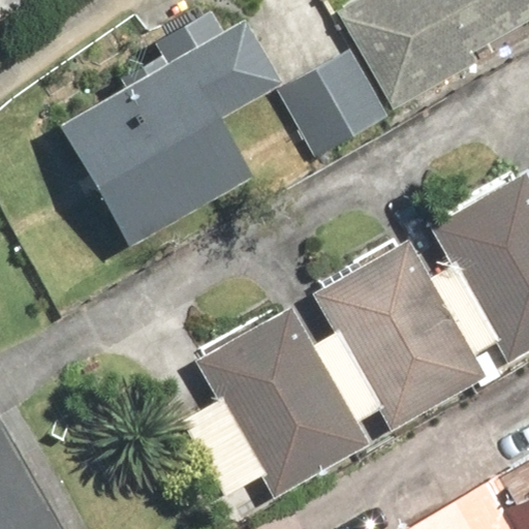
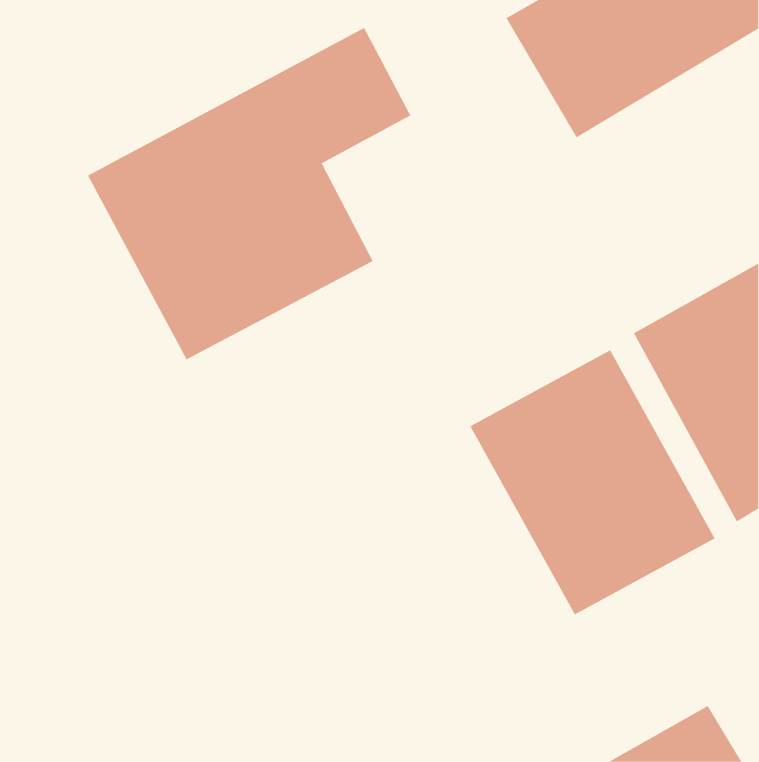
building: [282,51,390,154] -> none
building: [195,308,364,491] -> none

